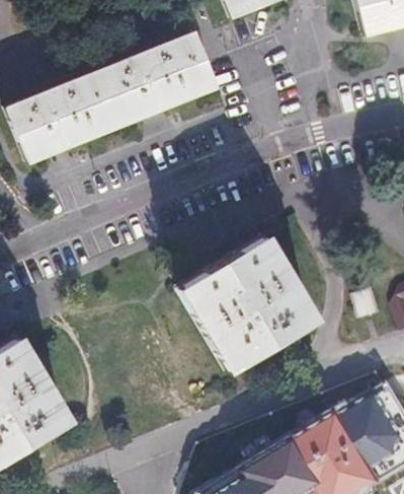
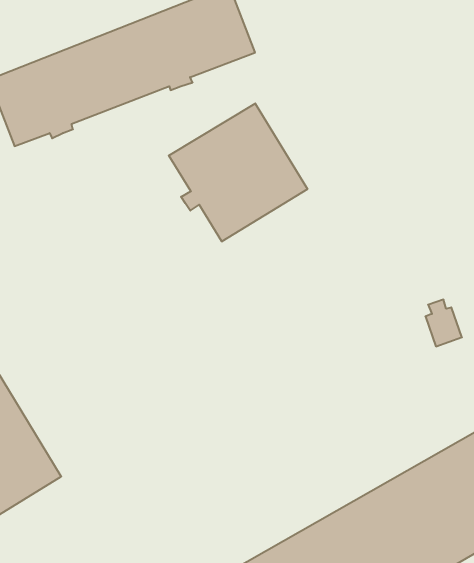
building: none -> [169,103,307,242]
building: [175,234,310,368] -> none

